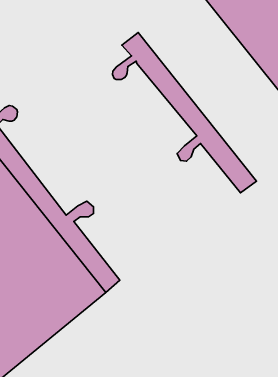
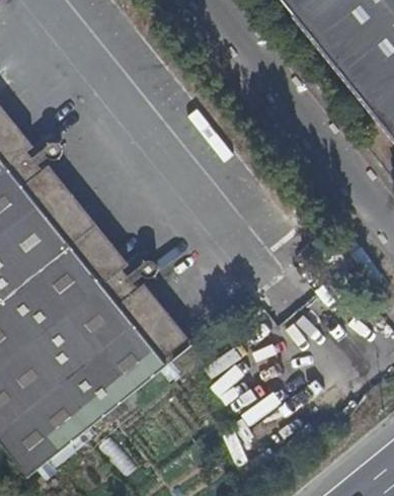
building: [112,33,257,193] -> none

